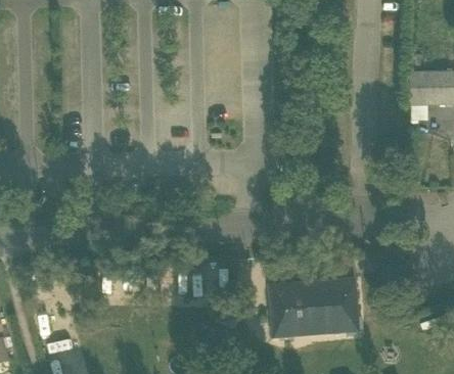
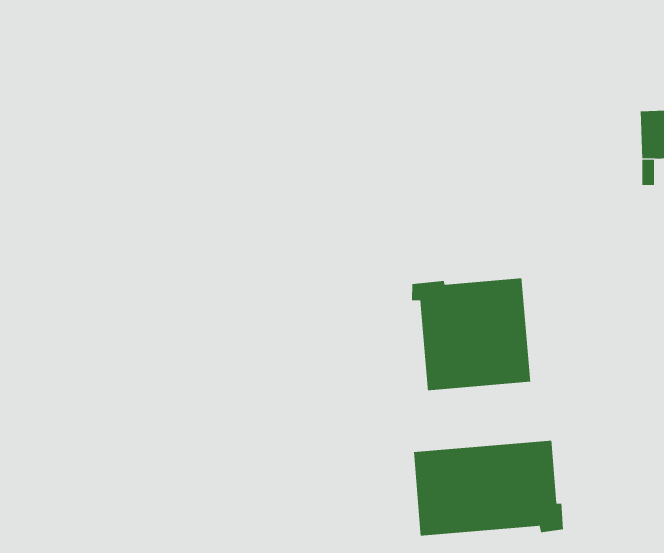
building: none -> [412,277,531,391]

